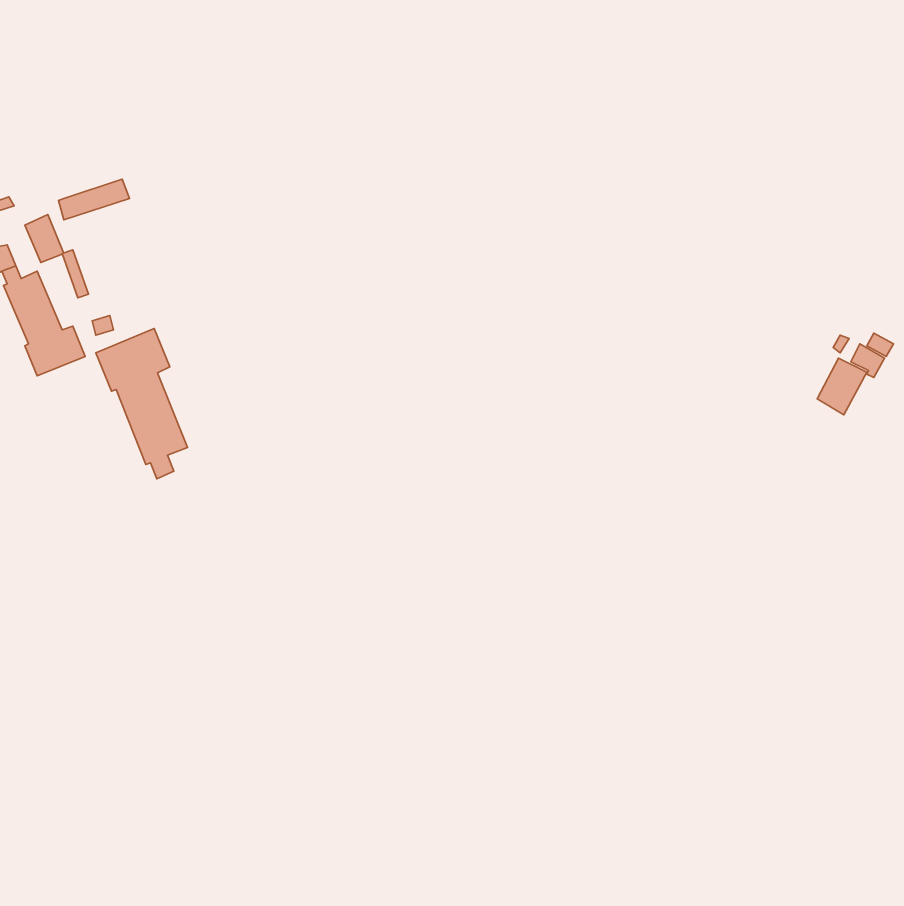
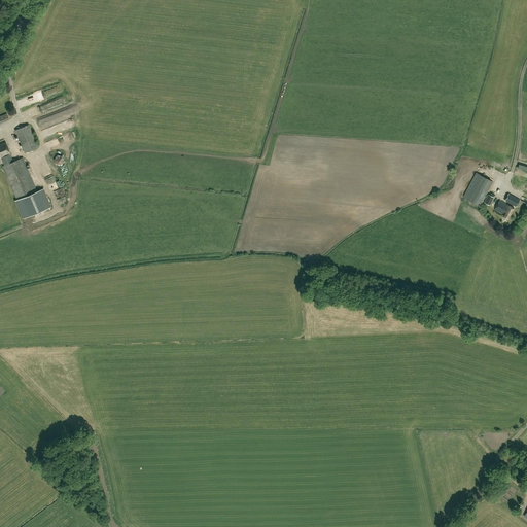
building: [96,329,187,479] -> none
building: [817,358,867,415] -> [463,173,492,206]

